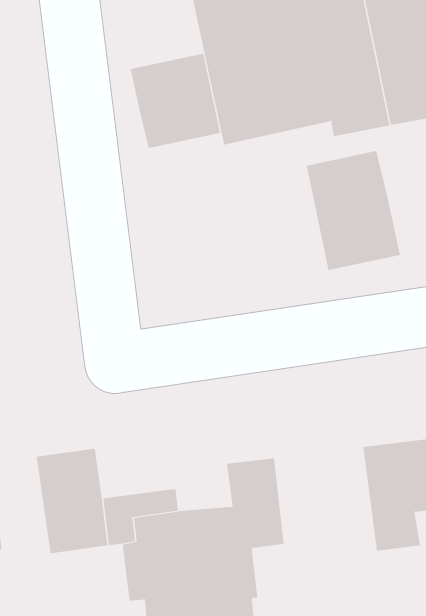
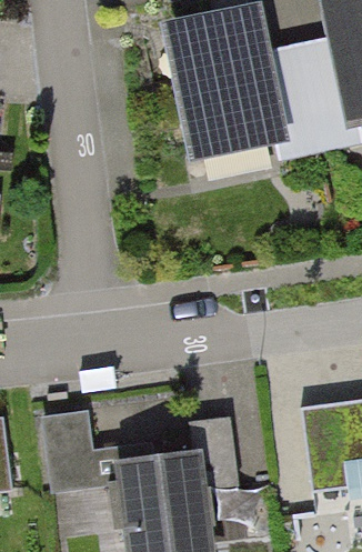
building: [130,53,221,149] -> none
building: [306,150,400,271] -> none

